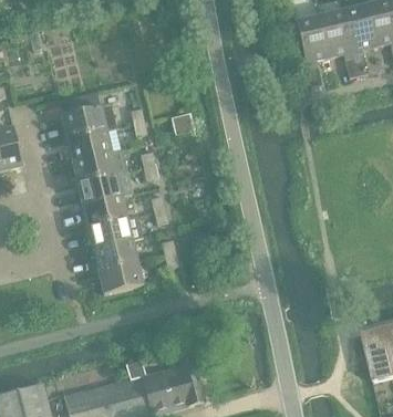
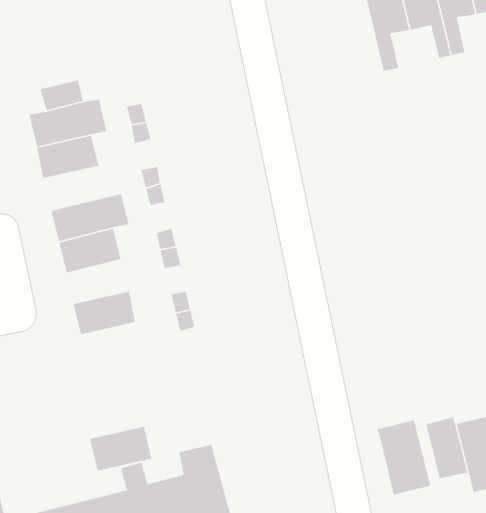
building: [71,148,126,183] -> none
building: [87,217,132,248] -> none
building: [97,261,142,293] -> [89,426,152,472]
building: none -> [426,416,468,479]
building: none -> [376,419,431,495]

